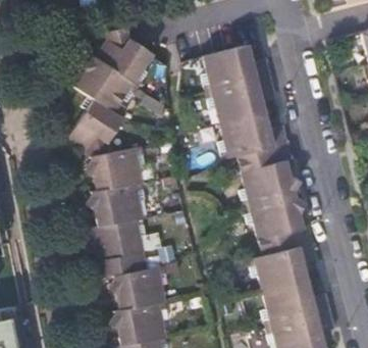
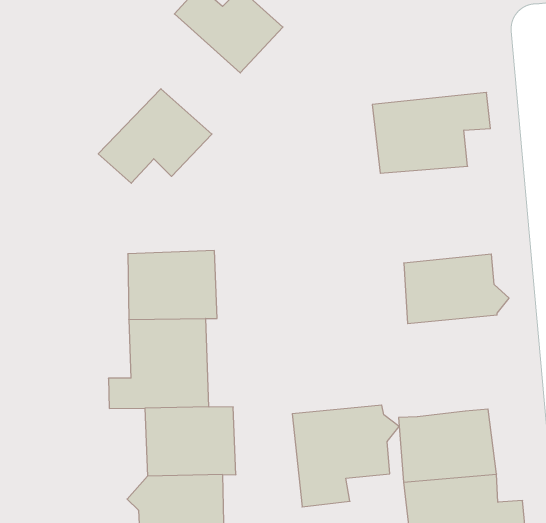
building: [204,42,273,88] -> none
building: [77,55,142,114] -> none
building: [222,113,295,171] -> none
building: [91,146,146,189] -> none
building: [250,192,309,254] -> [292,405,399,507]

